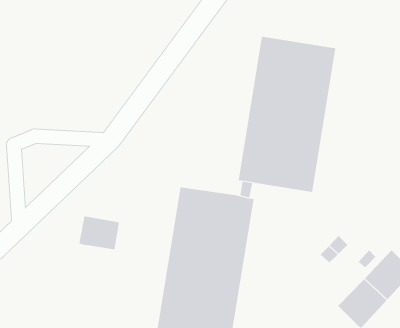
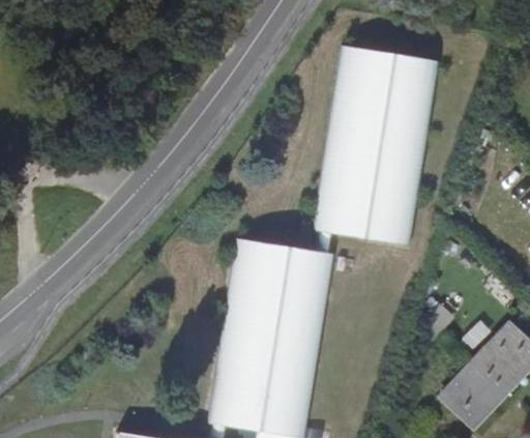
building: [79,216,120,250] -> none

